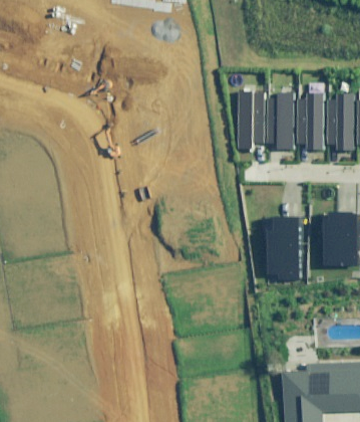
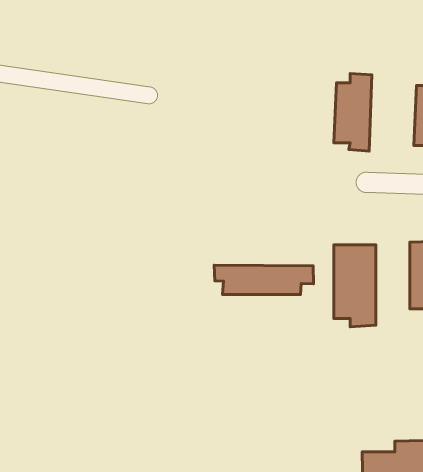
building: [296,91,324,149] -> none
building: [238,92,266,148] -> none
building: none -> [214,265,313,295]

